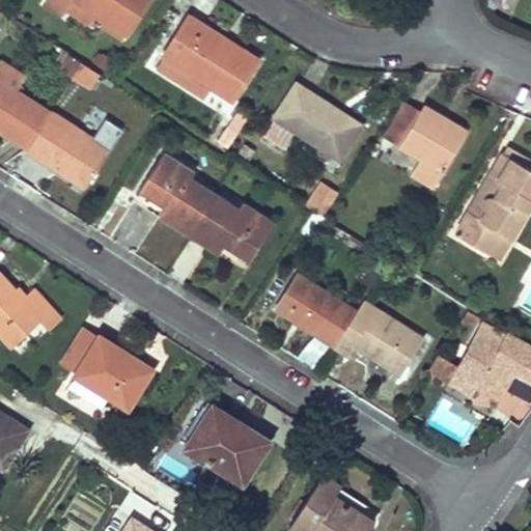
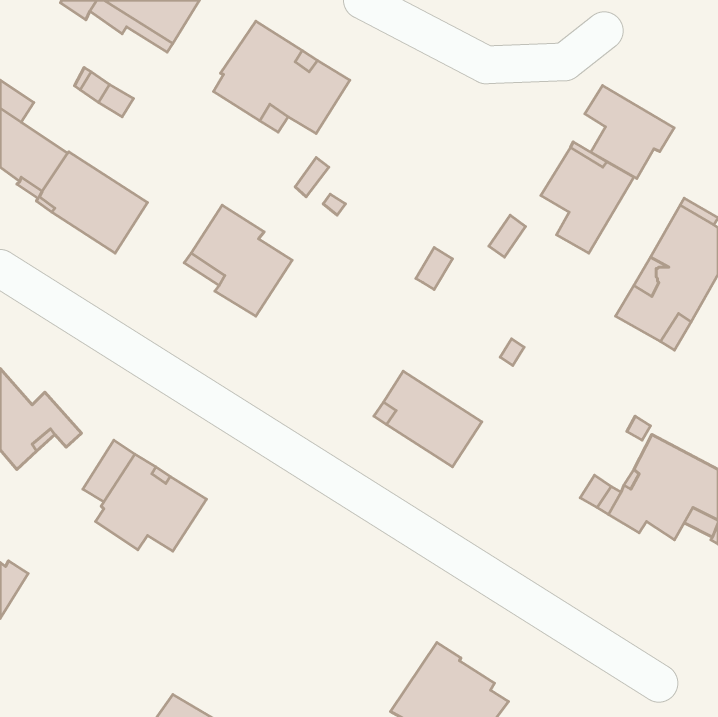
building: none -> [585,85,674,178]
building: [263,85,360,159] -> none
building: [189,193,275,258] -> none
building: [334,302,421,373] -> none
building: [186,409,270,483] -> none

